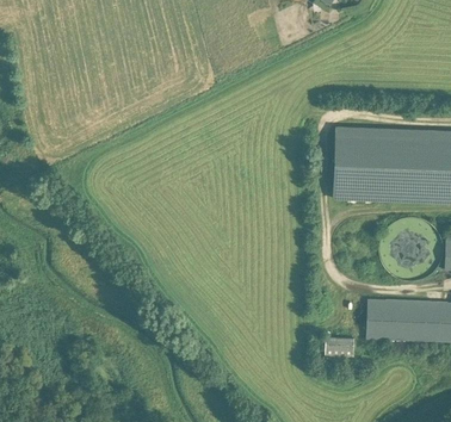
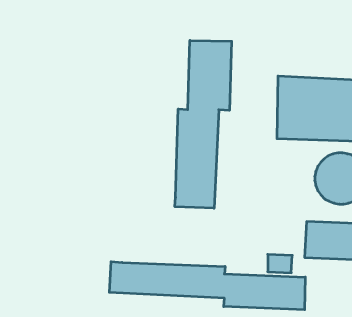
building: none -> [175,40,232,208]
building: none -> [109,262,305,310]

